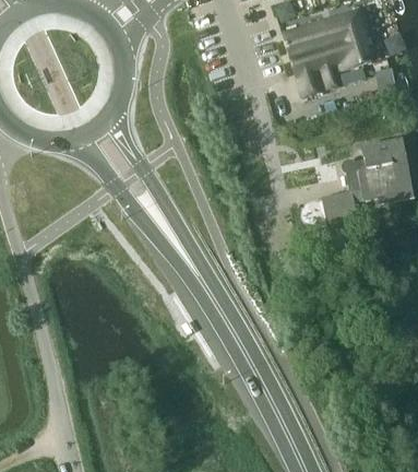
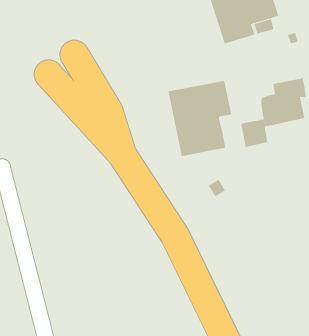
building: none -> [168,80,232,157]

